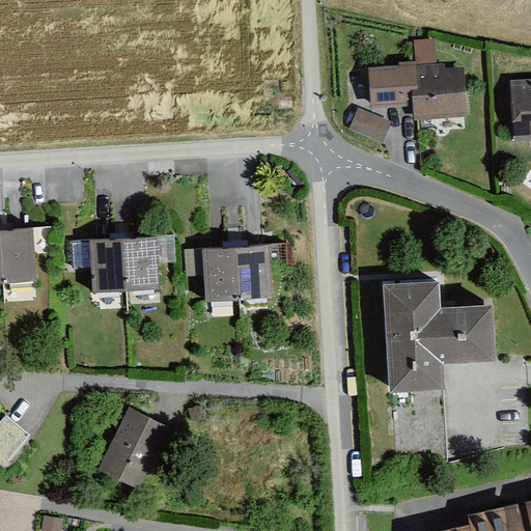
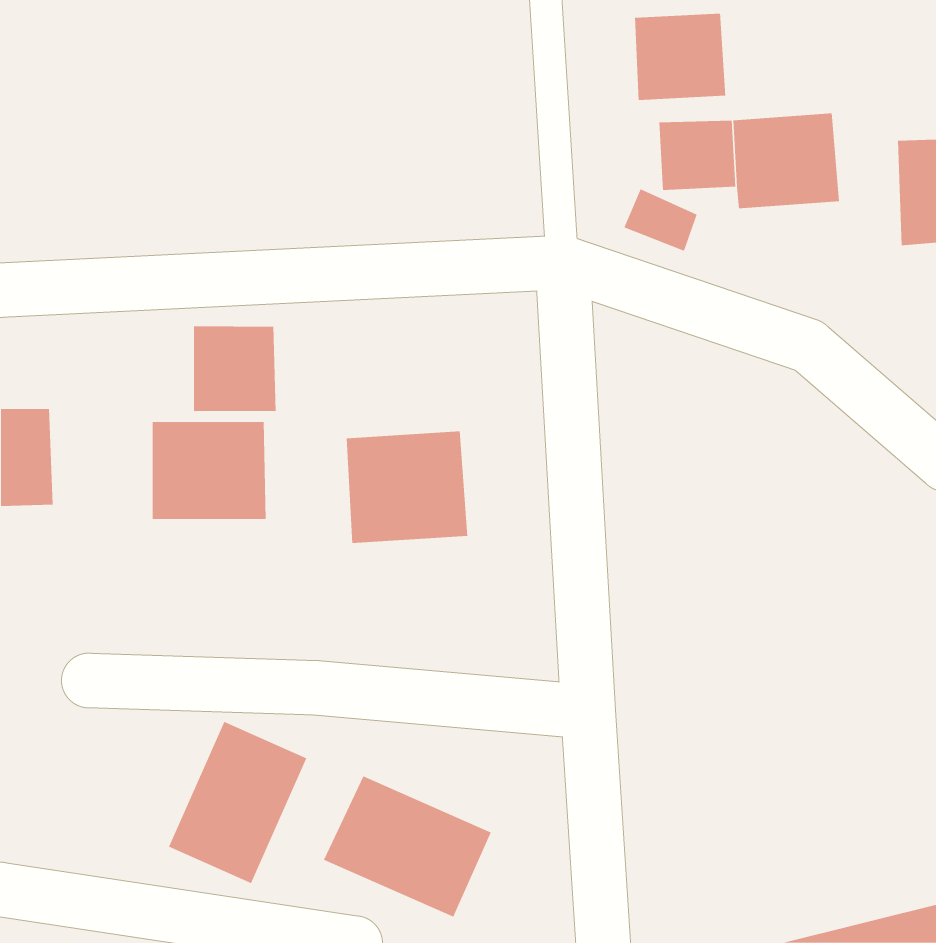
building: none -> [635,13,726,101]
building: none -> [193,326,276,412]
building: [380,282,497,387] -> none
building: none -> [323,775,491,918]

